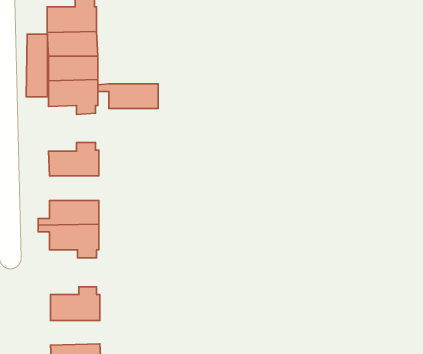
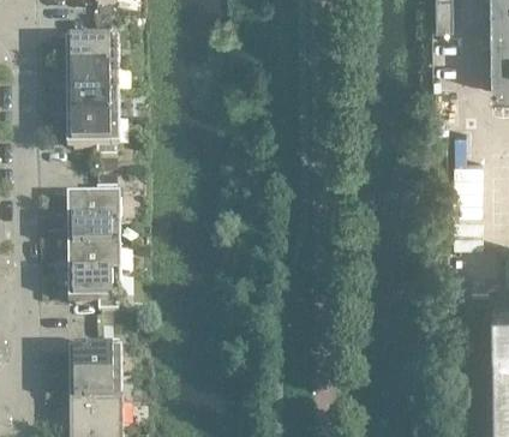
building: [26,34,47,97] -> none
building: [98,84,158,108] -> [56,227,121,253]
building: none -> [70,382,122,408]

